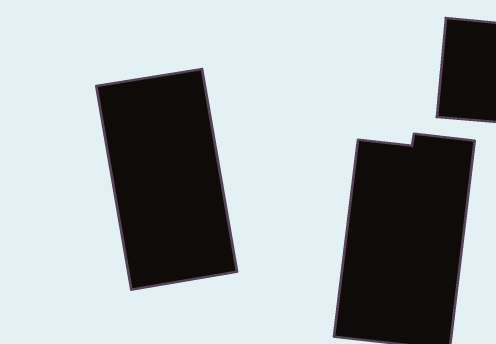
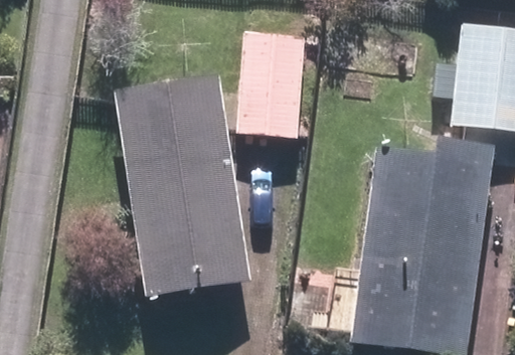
building: none -> [238,30,307,137]

